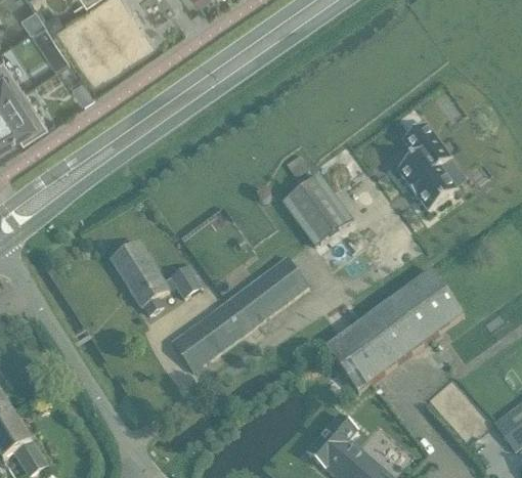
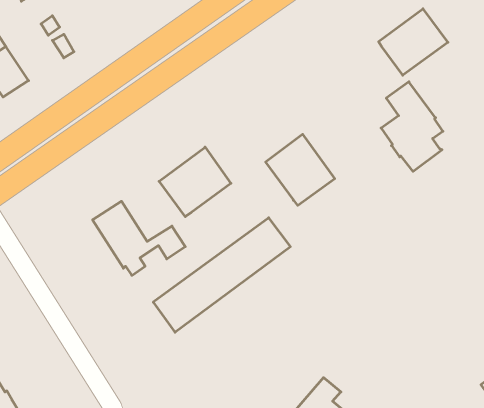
building: none -> [379,9,448,75]
building: none -> [159,147,231,217]
building: [324,260,479,391] -> none

